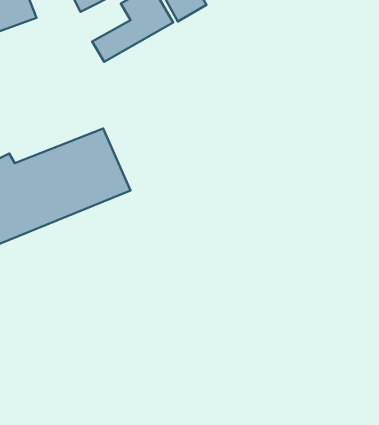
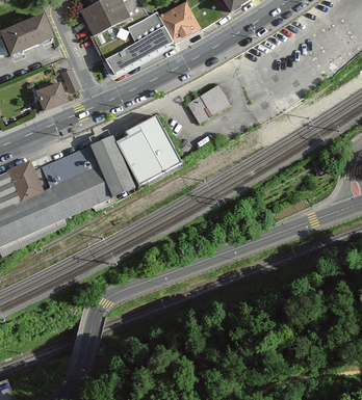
building: none -> [36,80,67,110]
building: none -> [186,84,231,125]
building: none -> [112,113,181,189]

